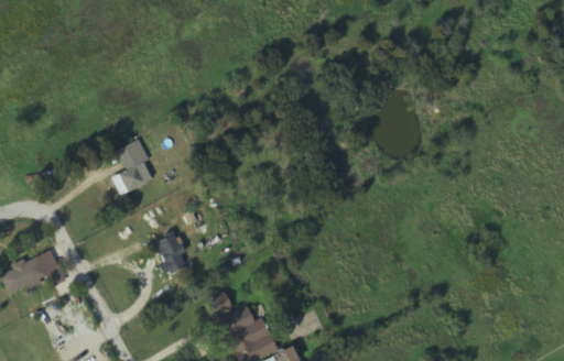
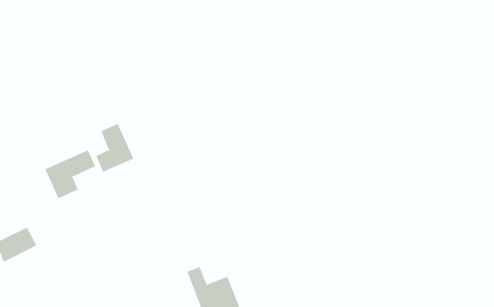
building: none -> [44,149,96,199]
building: [158,230,186,270] -> none

